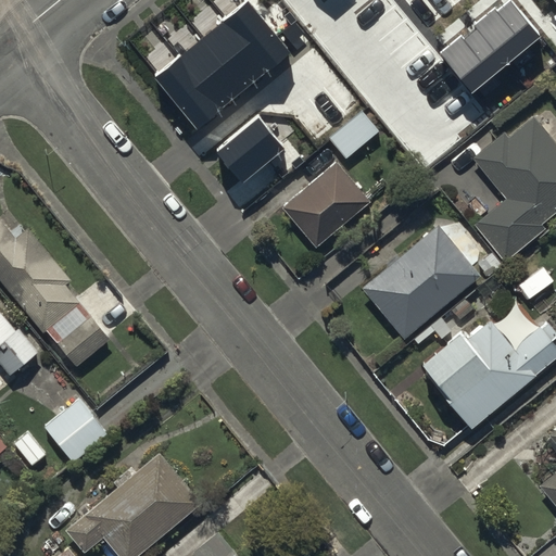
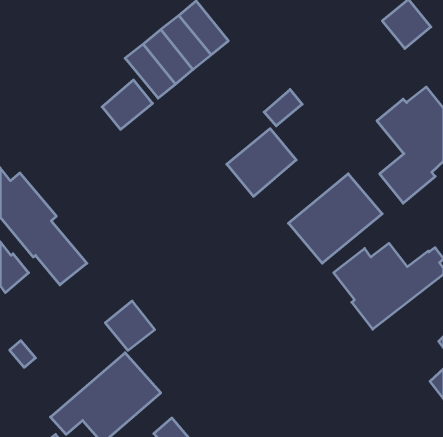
building: [445,35,507,97] -> none
building: [219,124,282,186] -> [102,80,153,129]
building: [45,400,106,462] -> [105,301,155,350]

